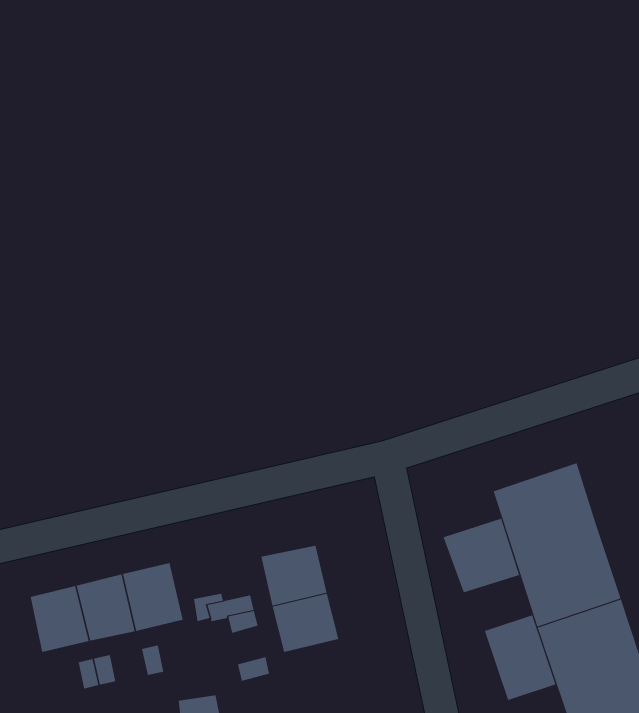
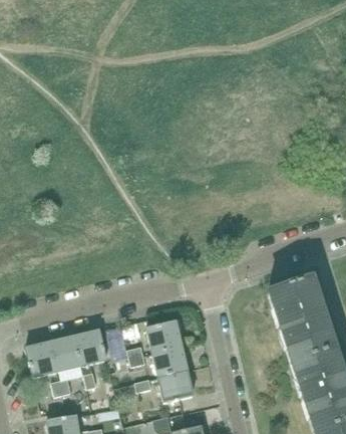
building: [443,518,520,593] -> none
building: [484,615,556,701] -> none
building: none -> [159,370,194,401]

